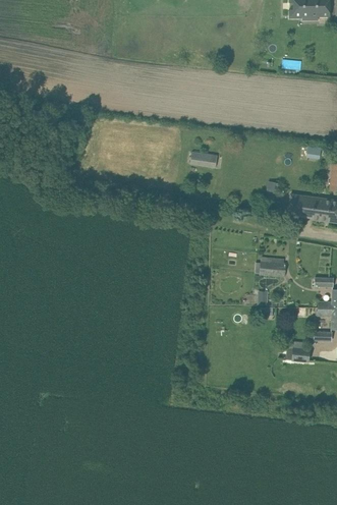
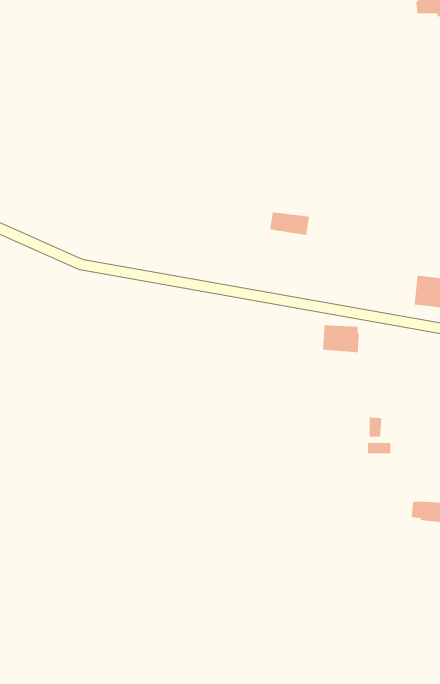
building: [261,257,286,276] -> [322,325,360,353]

